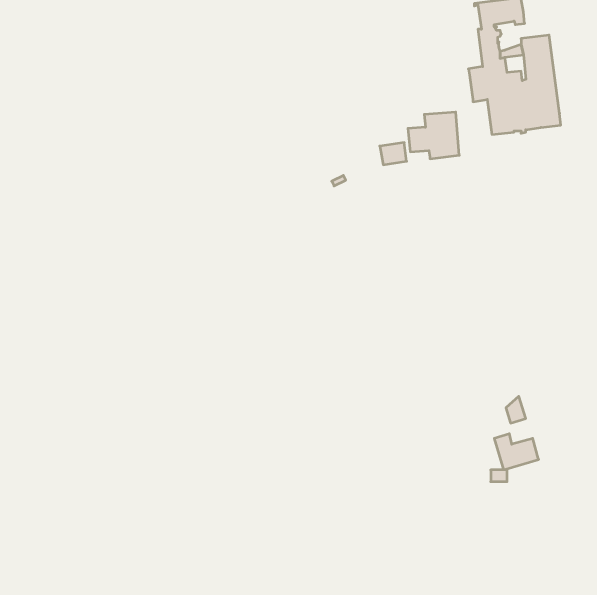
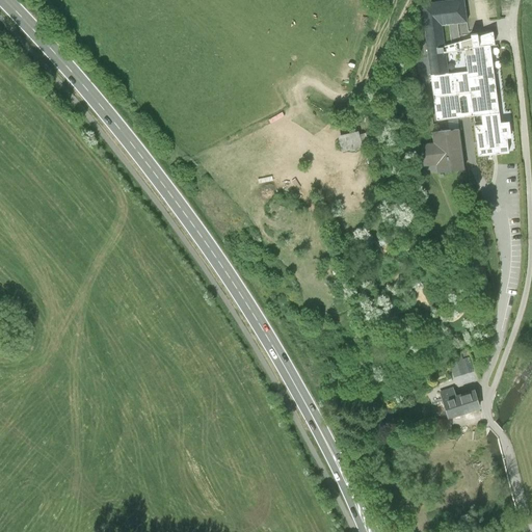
building: [408,112,459,159] -> [418,130,463,171]
building: none -> [475,111,511,156]

